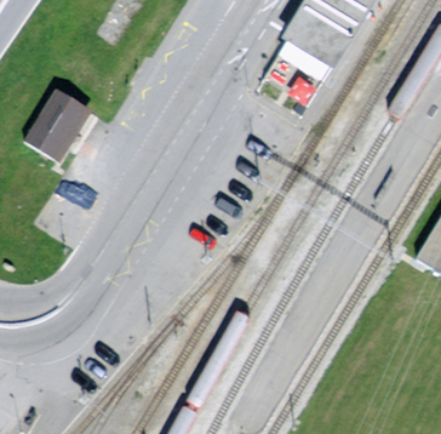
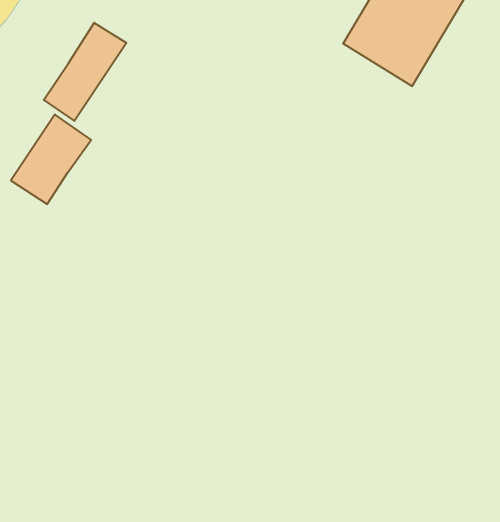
building: none -> [44,23,126,121]

